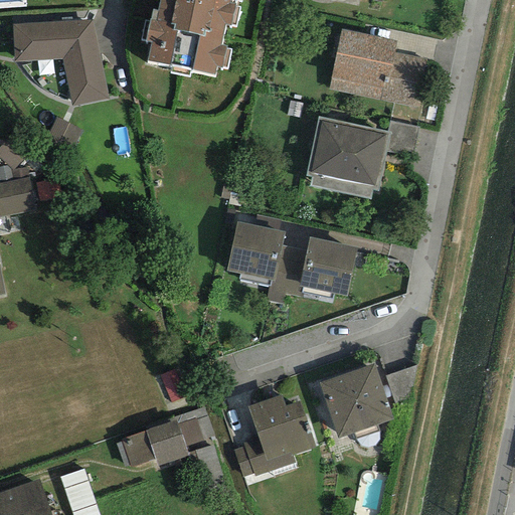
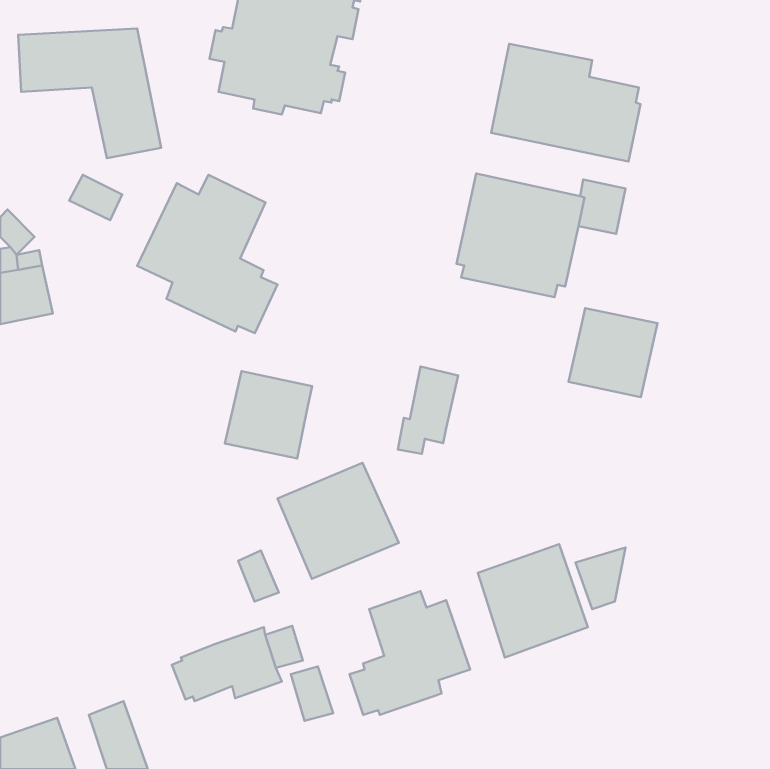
building: none -> [137,175,278,333]
building: [225,221,284,280] -> [225,371,312,459]
building: [298,236,357,296] -> [568,308,657,397]
building: none -> [277,463,399,579]

